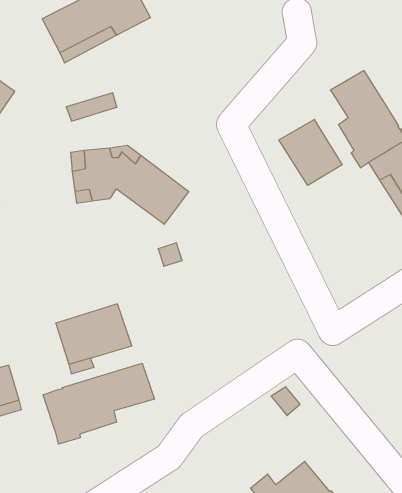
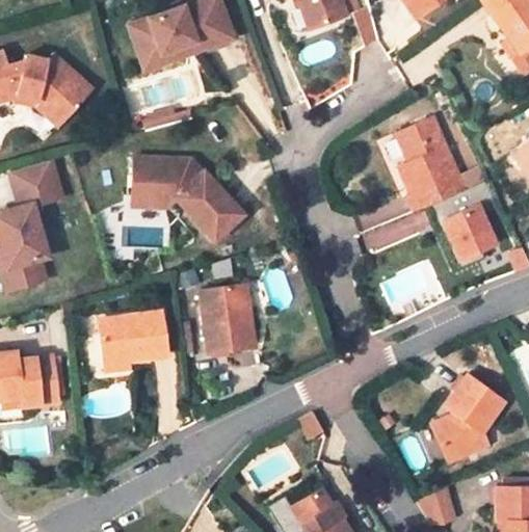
building: [279,119,342,185] -> none
building: none -> [201,284,253,353]
building: [43,363,154,444] -> none

